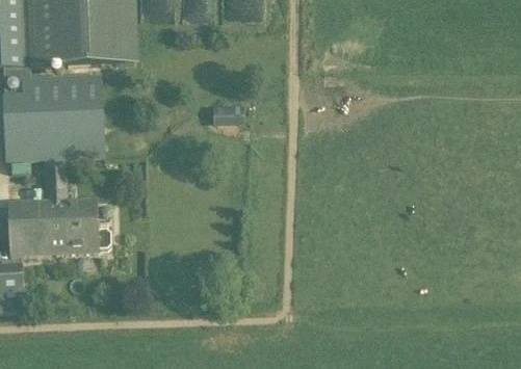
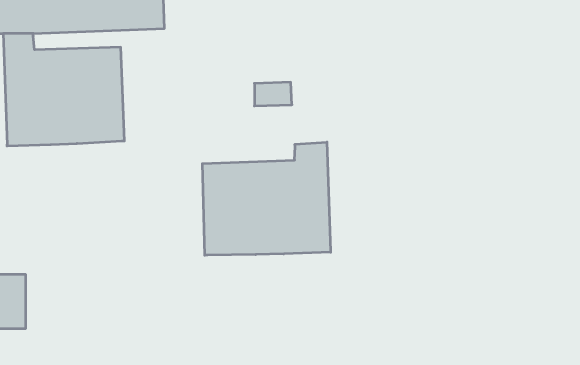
building: none -> [202,142,331,255]
building: [8,155,110,253] -> none

